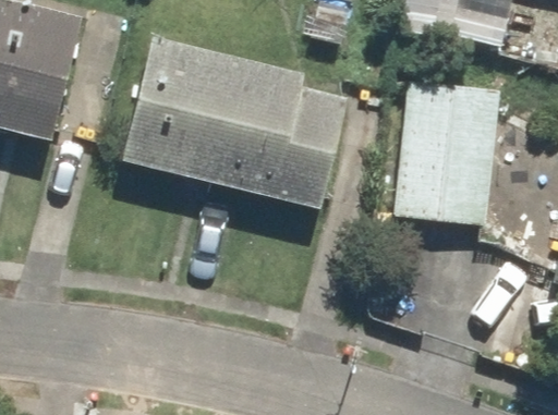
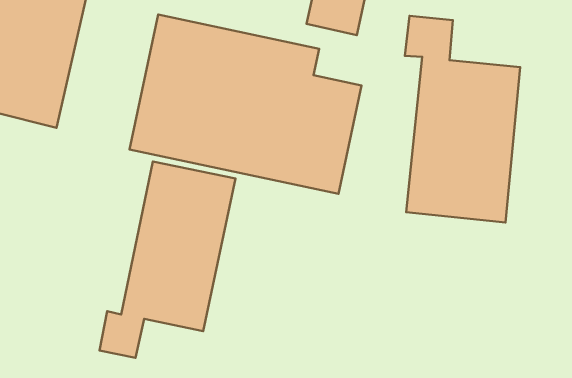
building: none -> [99,162,236,358]

